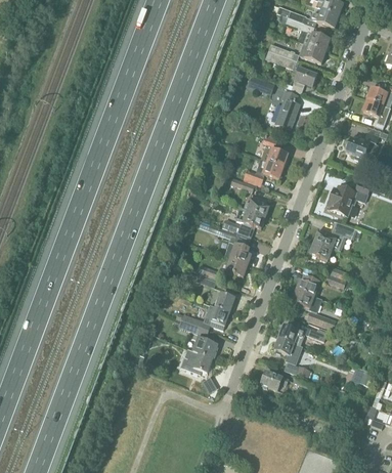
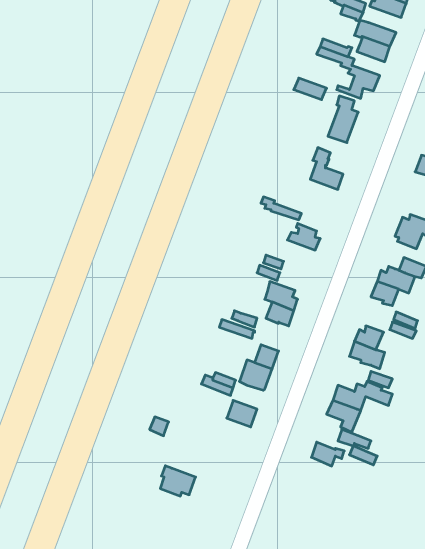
building: [243,158,284,184] -> none
building: [235,206,265,227] -> none
building: [184,349,213,374] -> [160,466,196,496]

